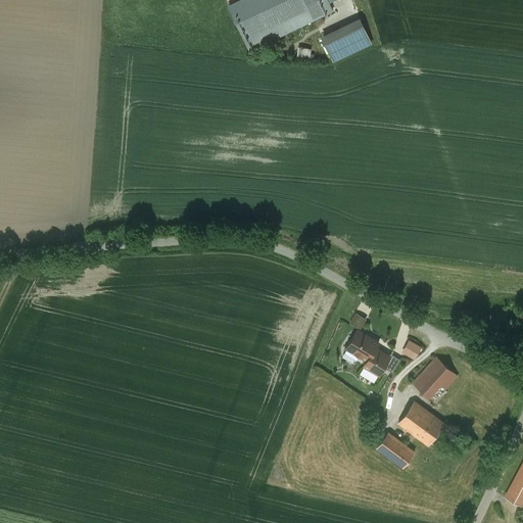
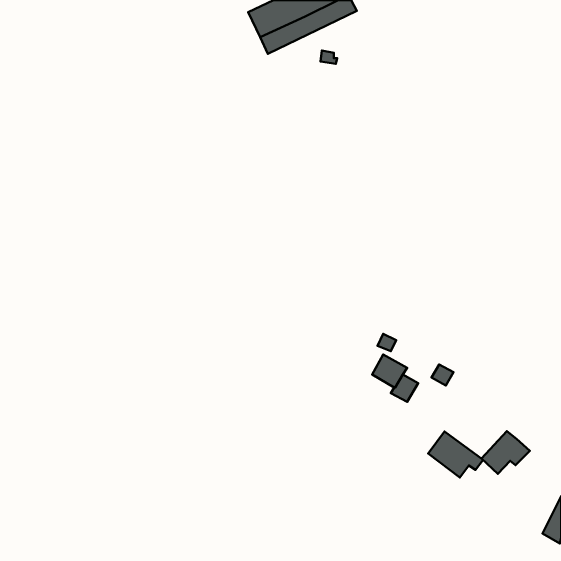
building: [323,20,371,60] -> none
building: [413,358,458,397] -> [481,431,530,474]
building: [377,432,414,467] -> none

